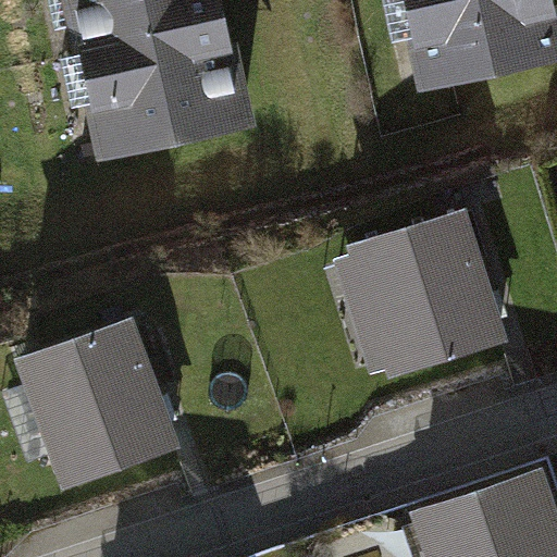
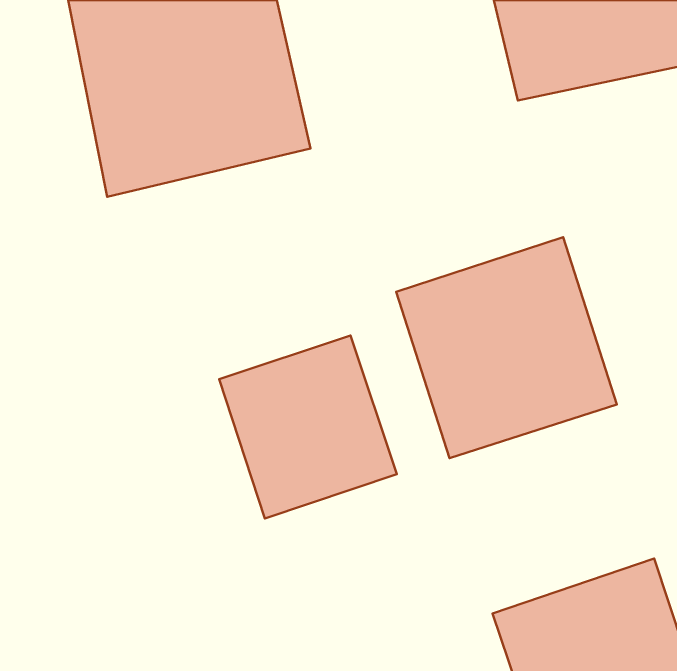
building: none -> [219,335,397,519]
building: [12,310,178,486] -> none

